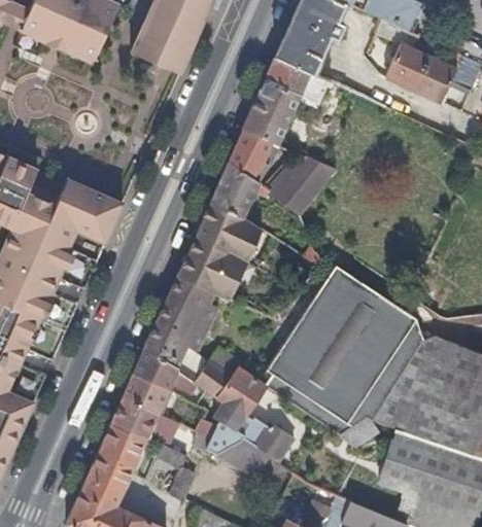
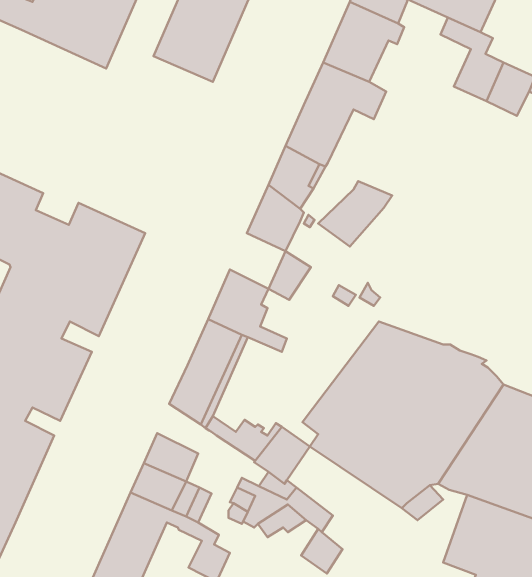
building: [196,203,243,250] -> none
building: [134,348,178,390] -> none

